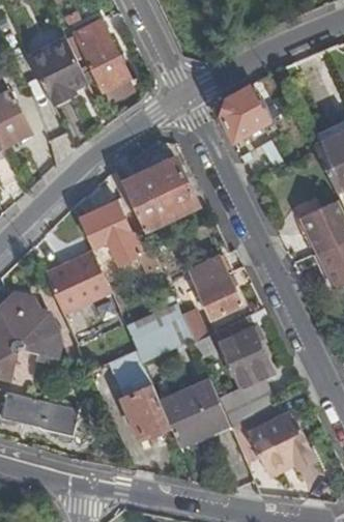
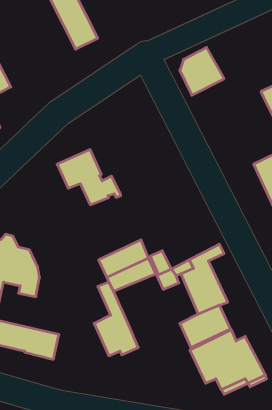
building: [28,38,86,104] -> none
building: [121,158,196,232] -> none
building: [39,255,108,314] -> none
building: [188,258,241,321] -> none
building: [162,379,229,444] -> none

